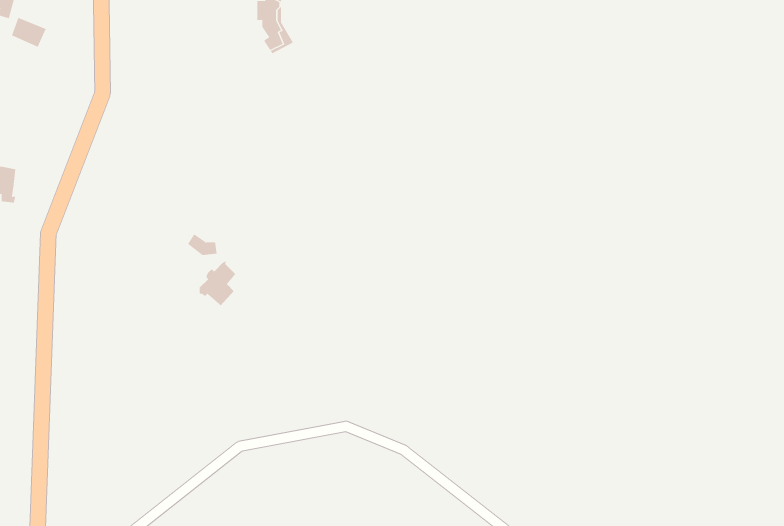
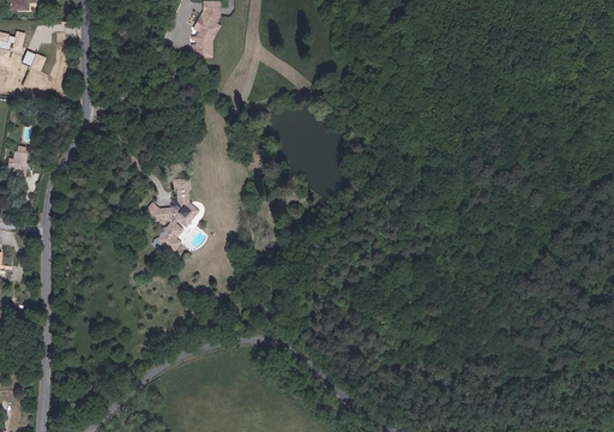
building: none -> [171,179,198,221]

